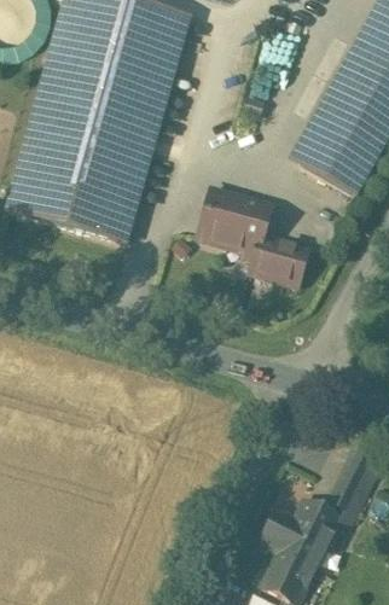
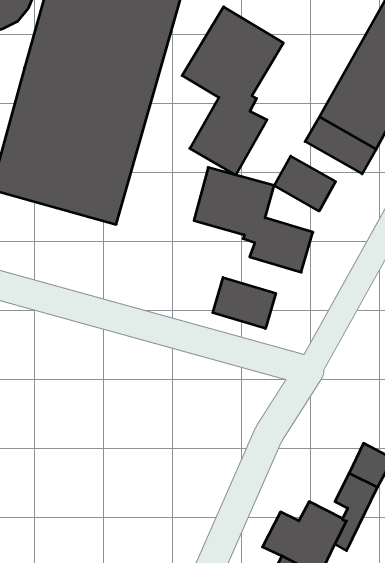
building: none -> [182,7,283,175]
building: none -> [274,156,336,211]
building: none -> [213,277,276,329]

